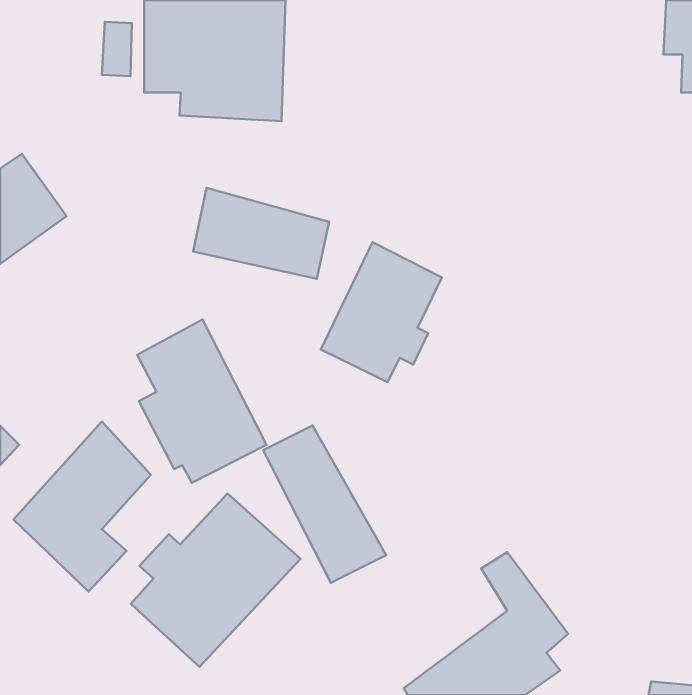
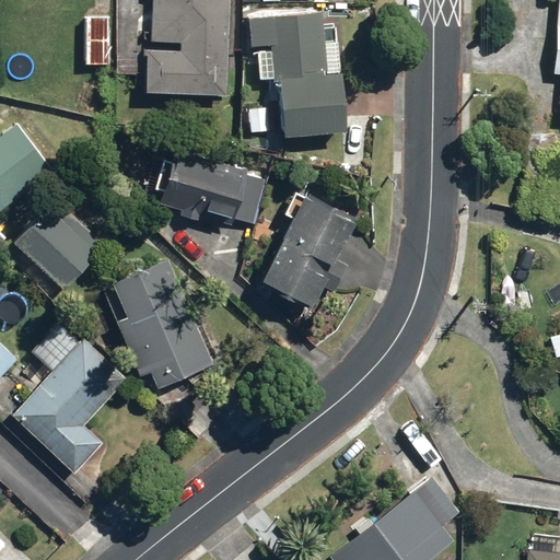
building: none -> [246,11,345,138]
building: none -> [12,200,105,292]
building: [263,425,386,583] -> none
building: [131,494,301,667] -> none

